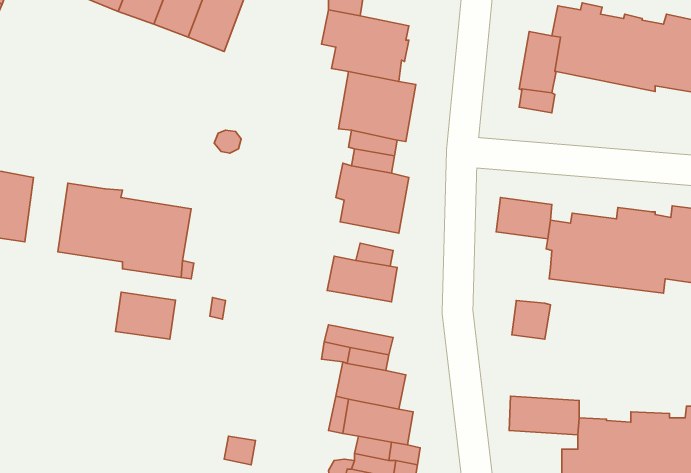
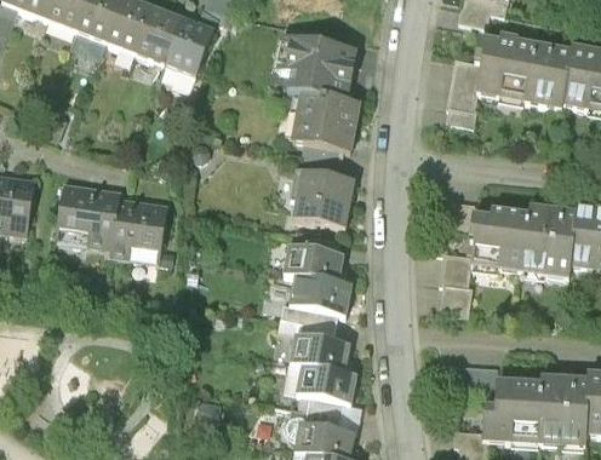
building: none -> [439,258,473,293]
building: [115,292,176,339] -> none
building: none -> [291,284,350,323]

